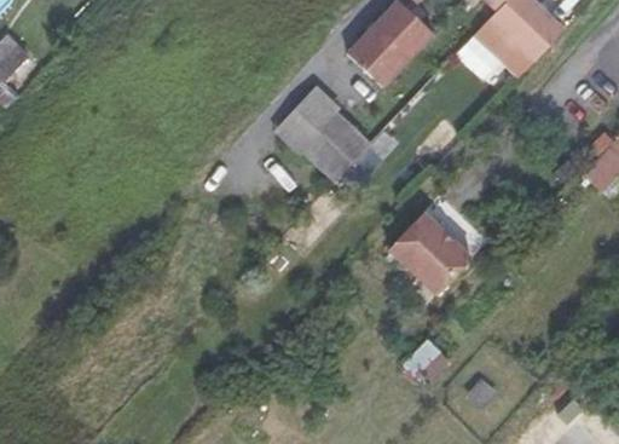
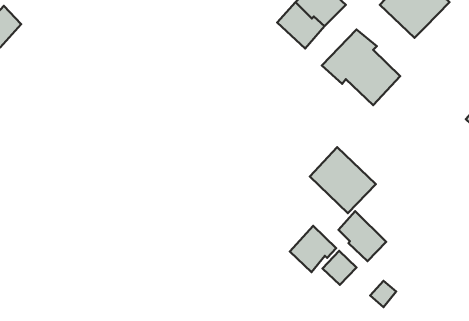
building: [271,86,369,180] -> [322,30,400,105]
building: none -> [338,211,386,261]
building: none -> [290,226,336,272]

